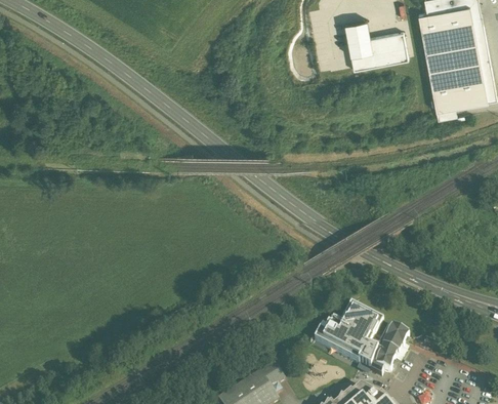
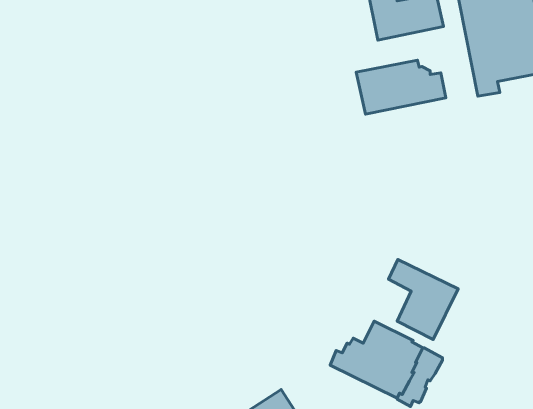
building: none -> [356,60,446,114]
building: none -> [388,259,458,340]

